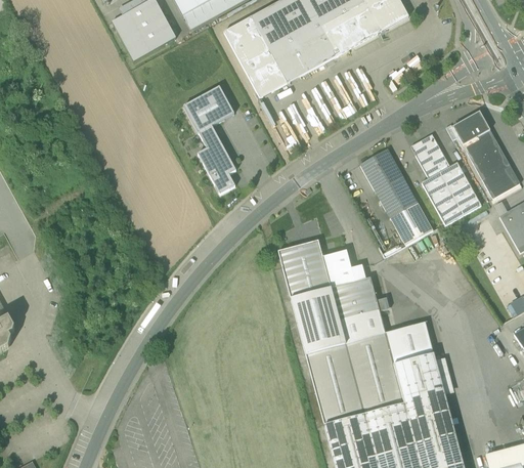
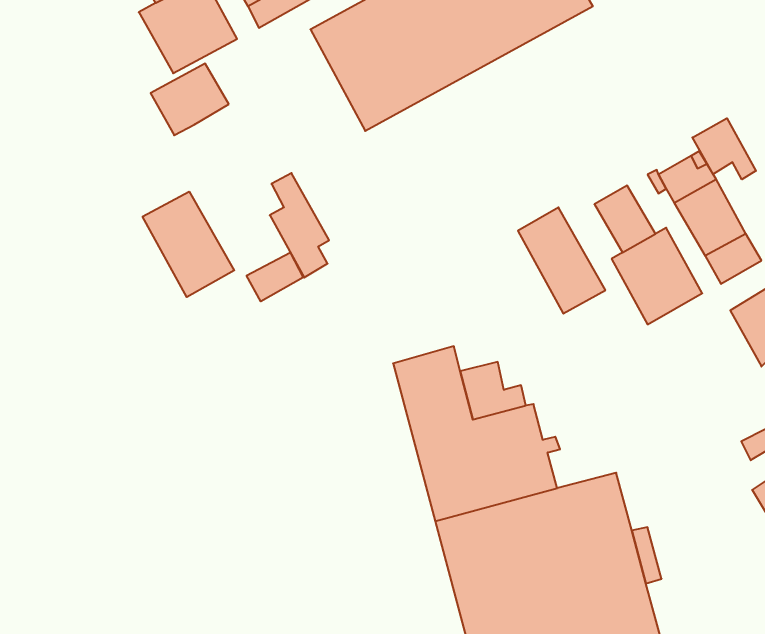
building: [183,85,234,132] -> [151,64,229,135]
building: none -> [692,118,756,179]
building: none -> [143,192,234,297]
building: none -> [247,252,303,301]
building: [390,202,433,245] -> none

